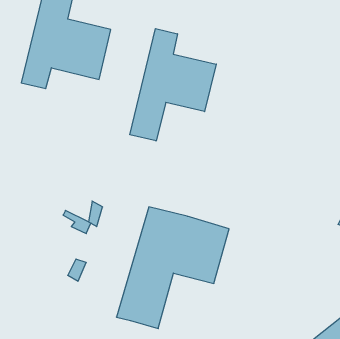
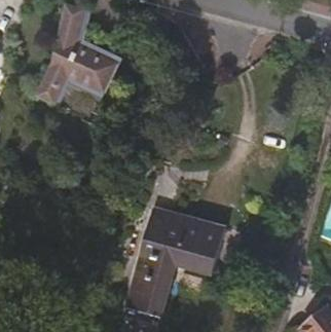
building: [130,29,216,141] -> none

